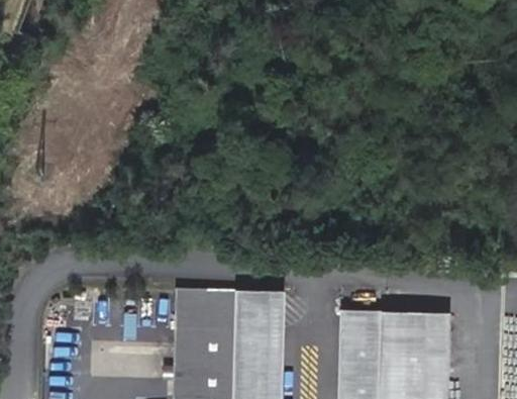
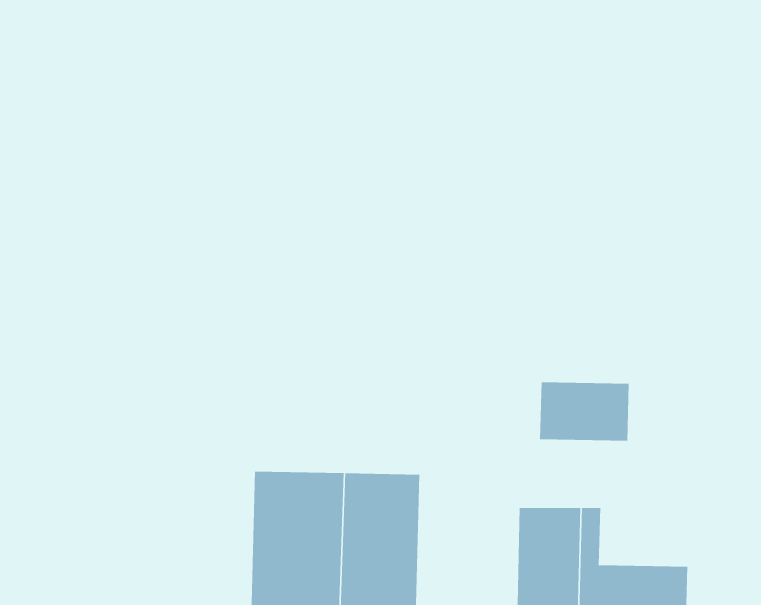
building: [391,314,446,351] -> [539,382,630,441]

